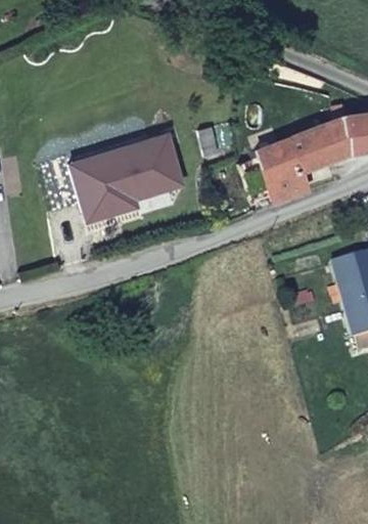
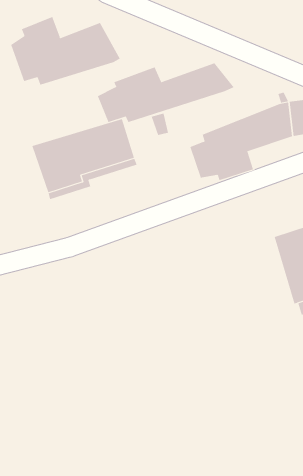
building: none -> [10,16,121,86]
building: none -> [97,63,234,123]

